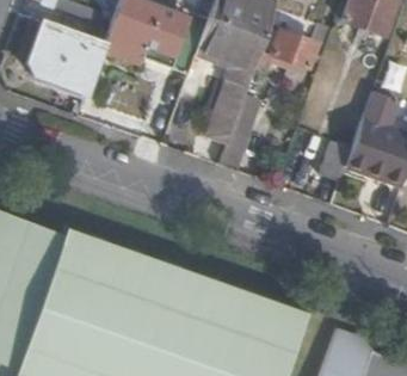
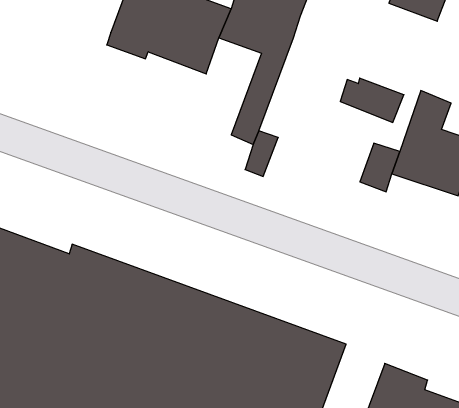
building: [26,21,104,92] -> none
building: [261,27,316,66] -> [340,78,404,122]

